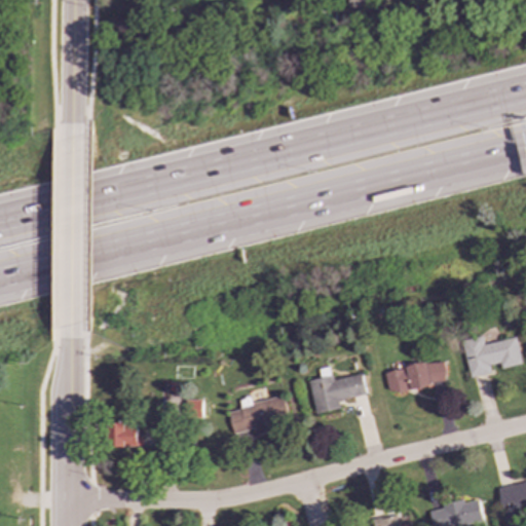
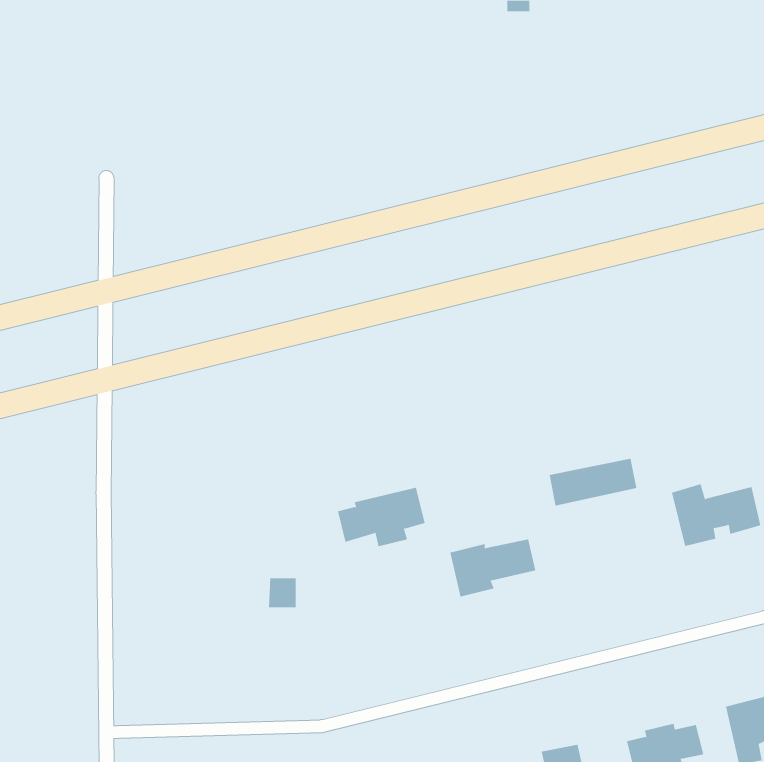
building: [386,361,447,393] -> [549,458,637,506]
building: [228,394,289,436] -> [337,487,426,547]
building: [107,423,145,446] -> none

